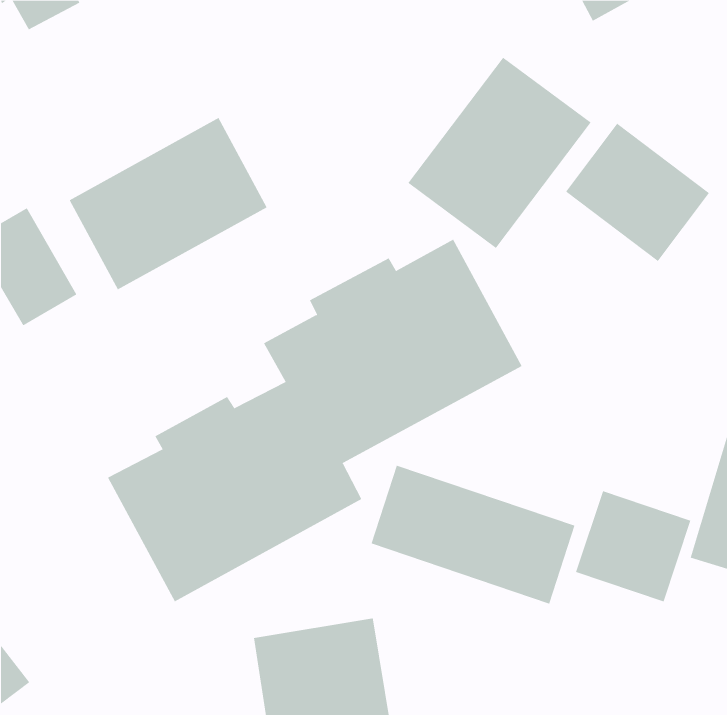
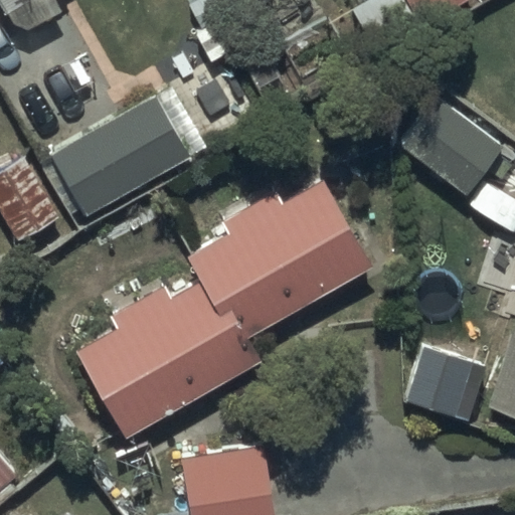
building: [407,57,591,249] -> none
building: [371,465,575,604] -> none

